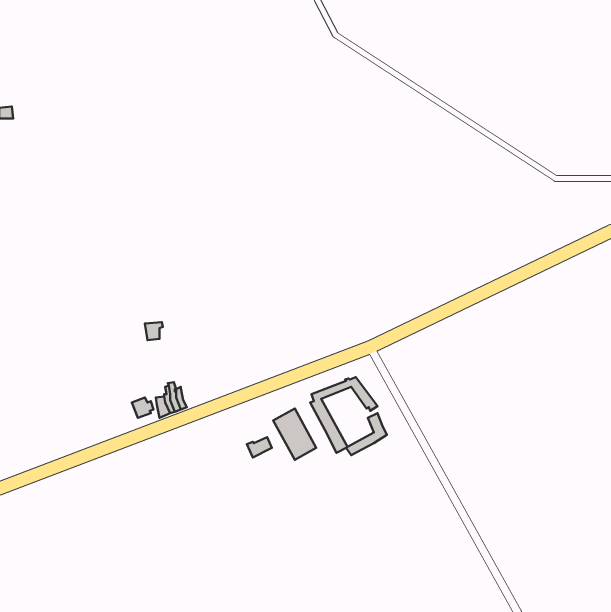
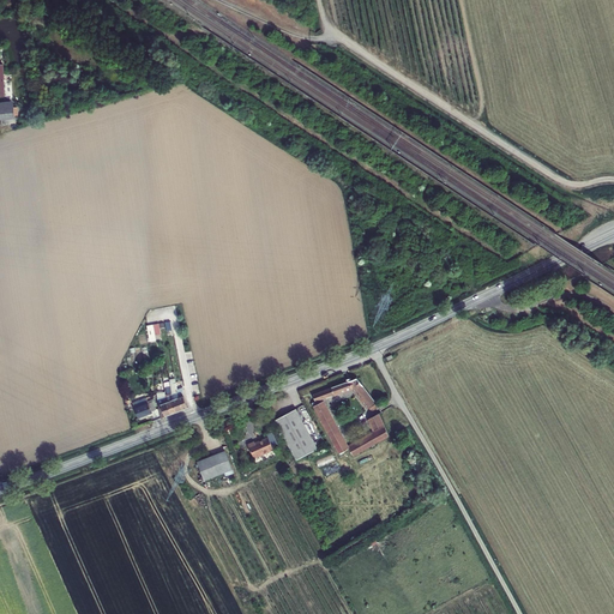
building: none -> [195,451,231,481]

